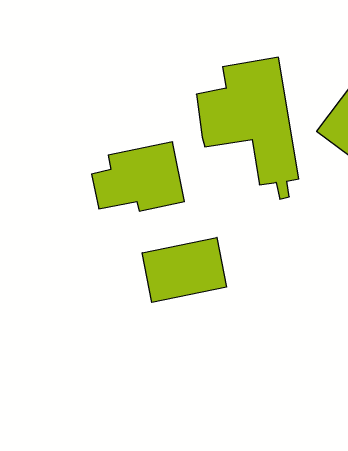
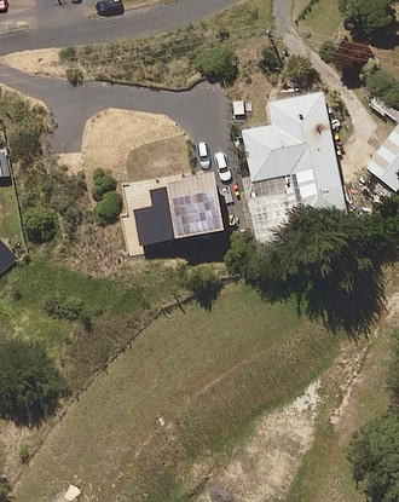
building: [142,237,226,302] -> none

